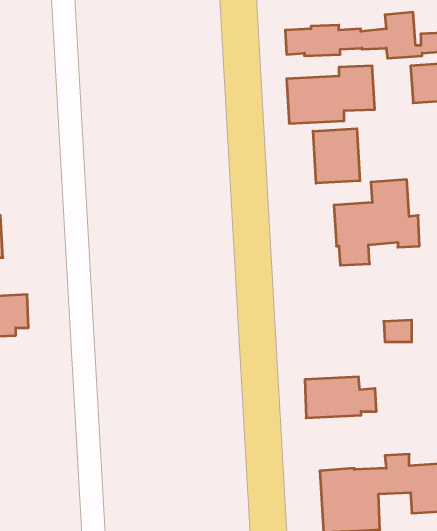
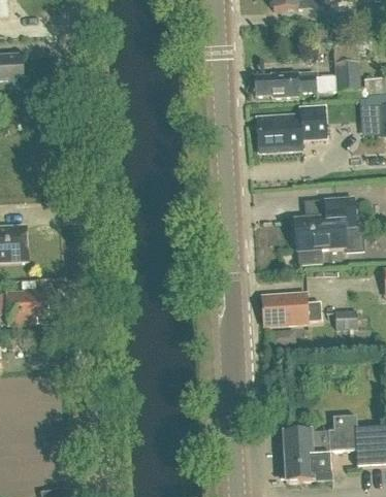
building: [313,129,360,183] -> none
building: [305,377,376,418] -> [262,292,320,325]

